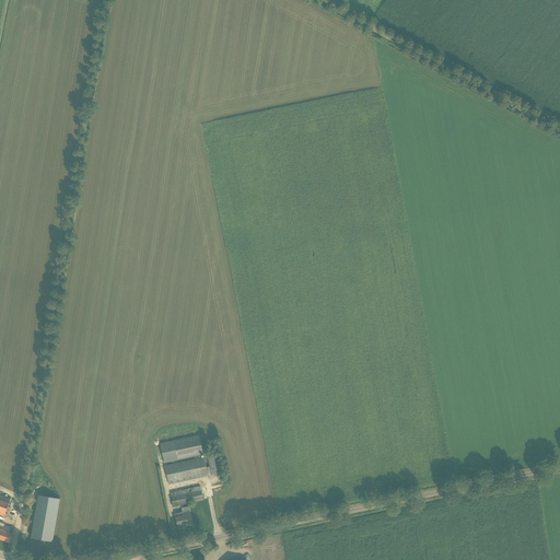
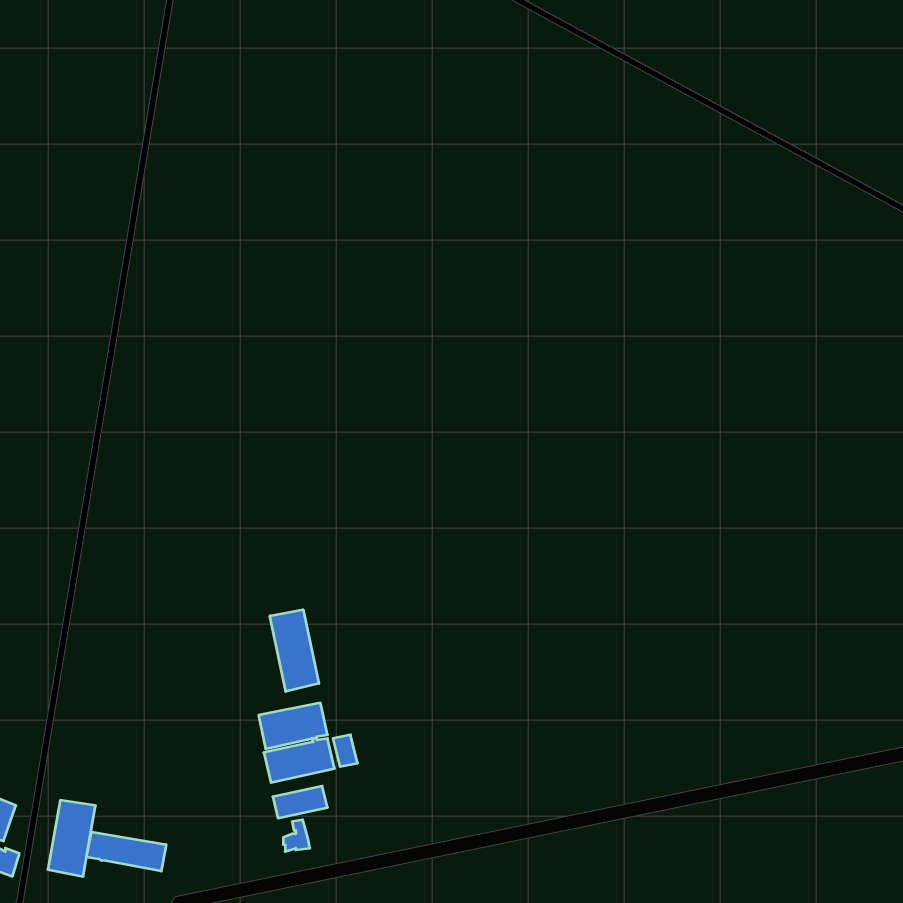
building: none -> [270,610,319,692]
building: none -> [87,832,166,871]

